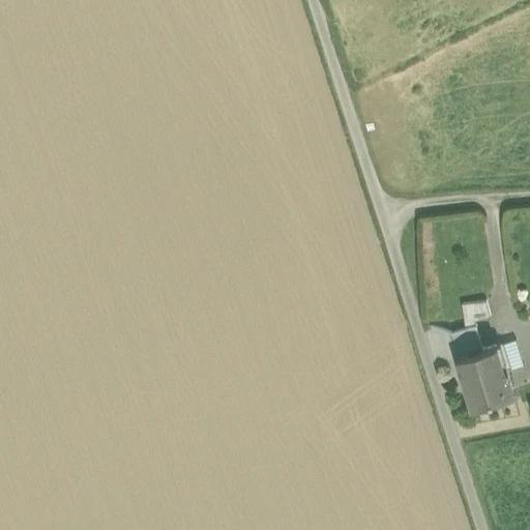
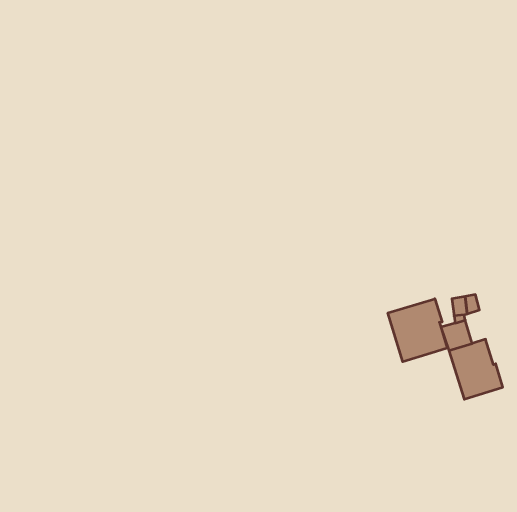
building: none -> [388,299,447,362]

